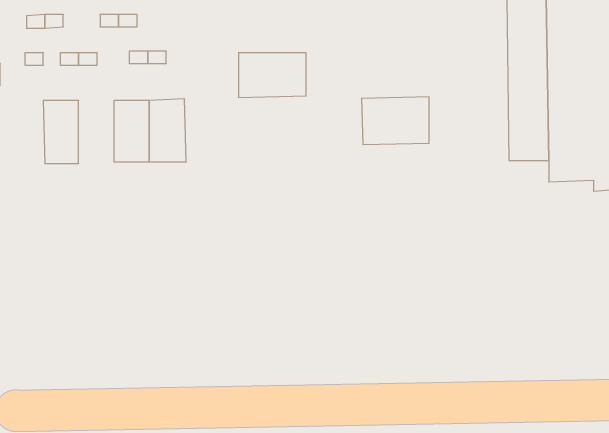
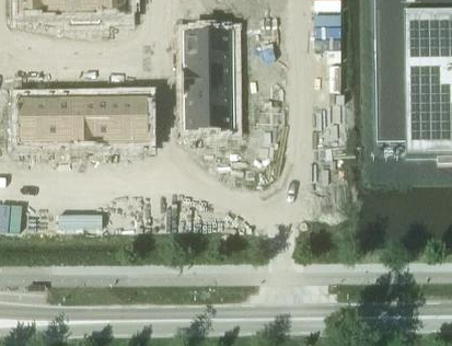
building: none -> [185,28,233,61]
building: [361,97,429,145] -> [185,92,233,126]
building: none -> [20,95,47,140]
building: none -> [71,95,96,140]

